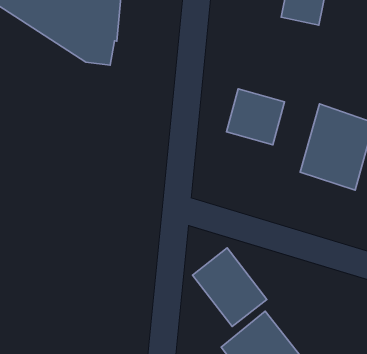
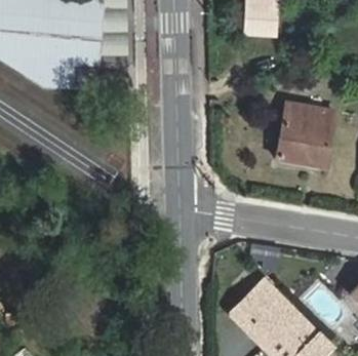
building: [227,89,285,145] -> none
building: [193,248,267,327] -> none

